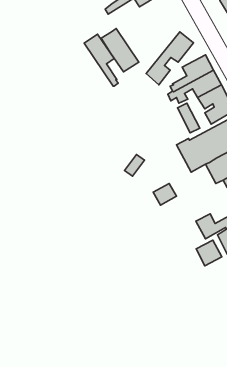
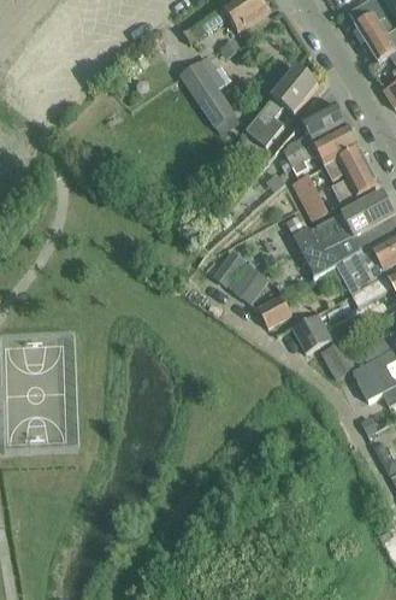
building: [84,34,118,86] -> none
building: none -> [231,264,268,302]
building: [196,240,222,266] -> [292,313,331,352]

